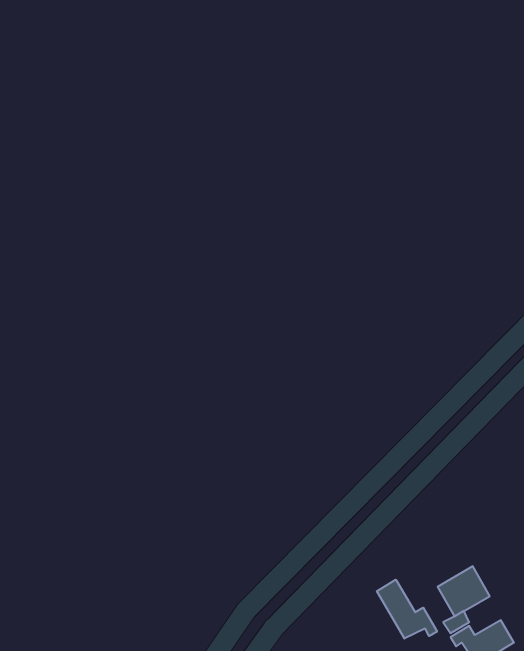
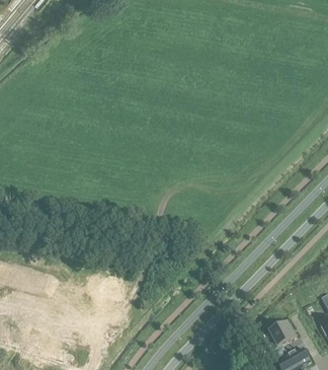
building: [377,580,437,639] -> none

